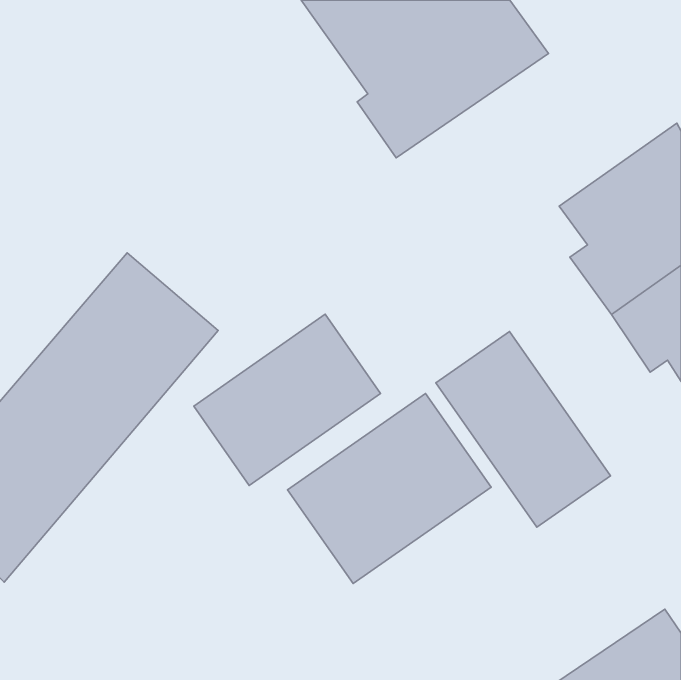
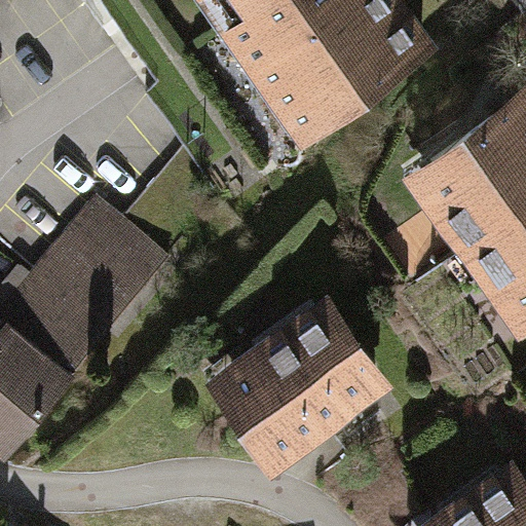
building: [194,314,381,485] -> none
building: [436,331,611,527] -> none

